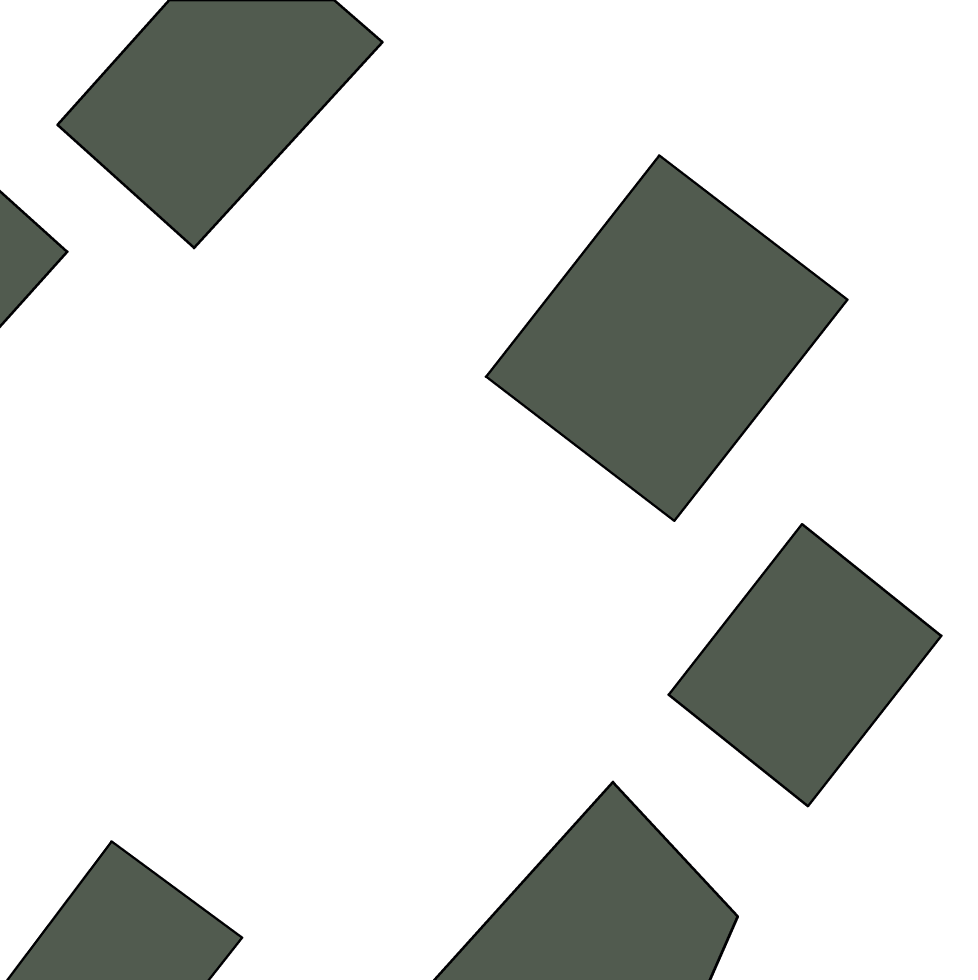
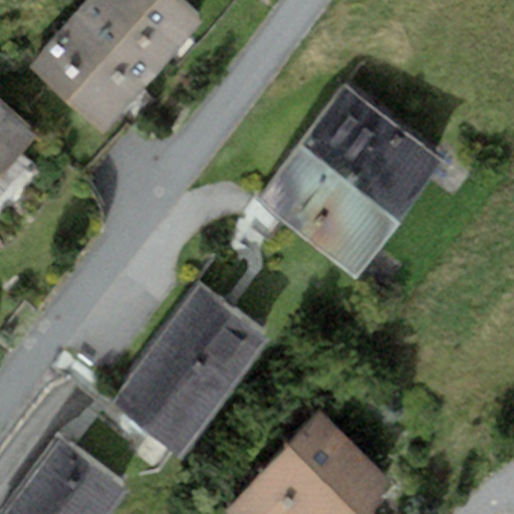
building: [669,524,941,806] -> none
building: none -> [111,284,270,454]

